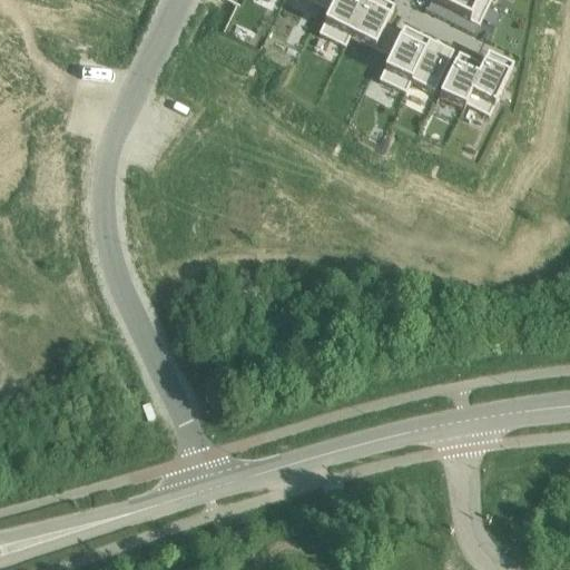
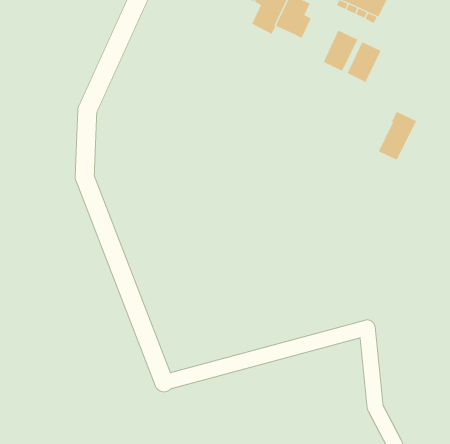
building: [377,23,426,89] -> none
building: [463,50,512,112] -> [378,111,417,161]

